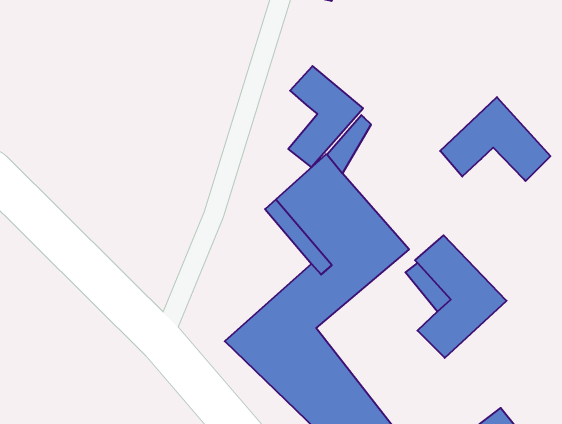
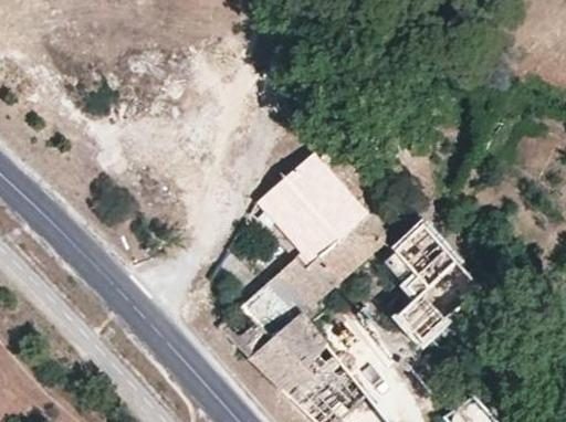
building: [288,66,363,167] -> none
building: [440,97,550,181] -> none

